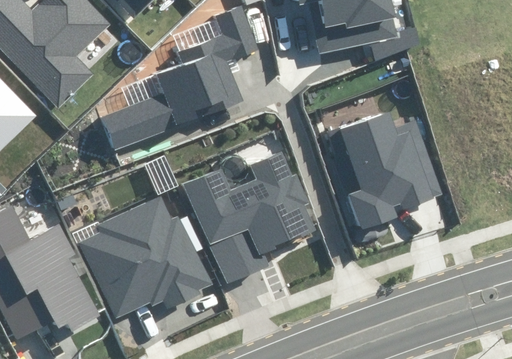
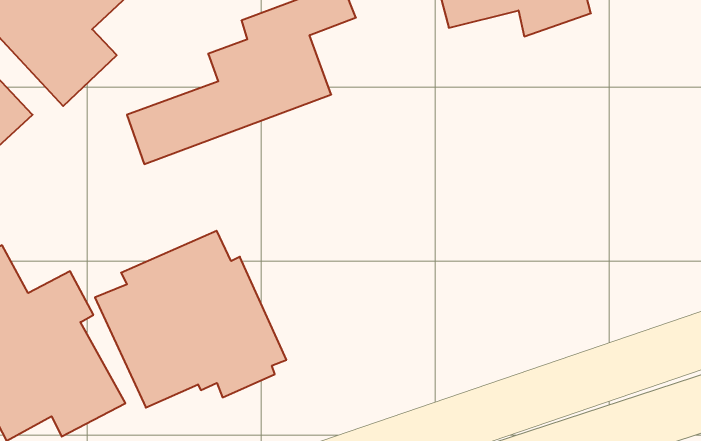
building: [325,109,441,230] -> none
building: [183,151,314,284] -> none

